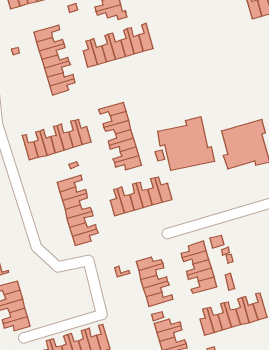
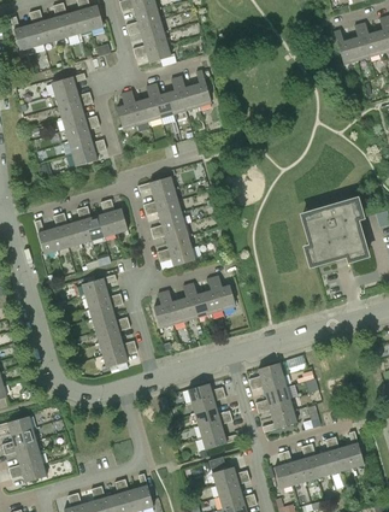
building: [158,117,215,171] -> none

